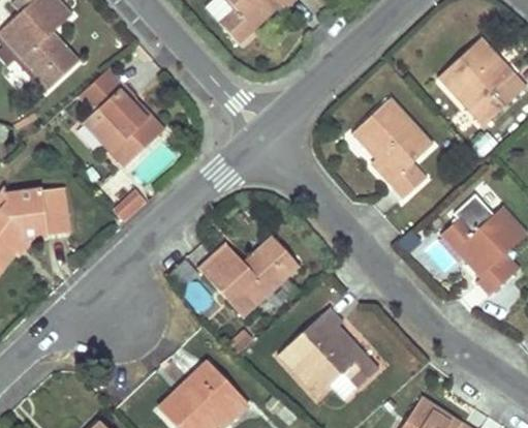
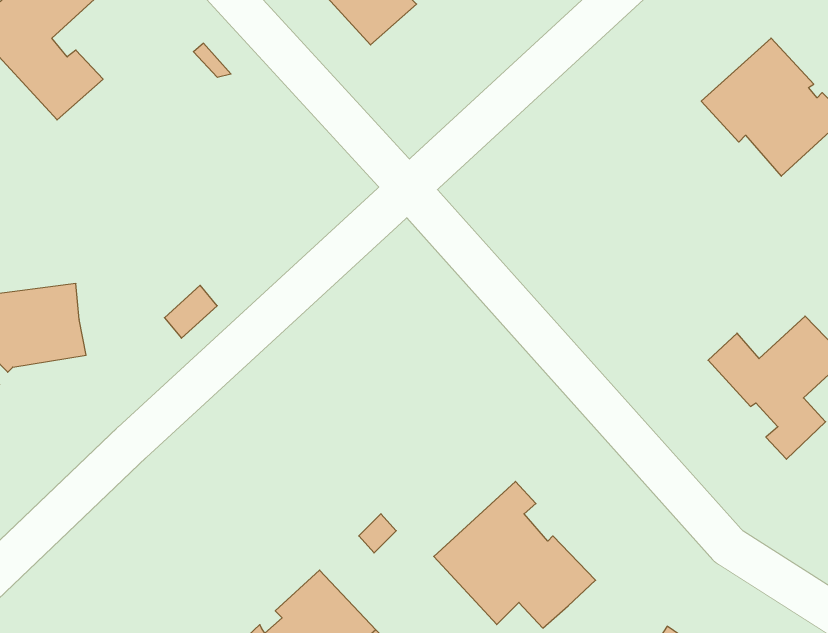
building: [79,68,163,166] -> none
building: [356,98,433,198] -> none
building: [196,238,297,315] -> none

